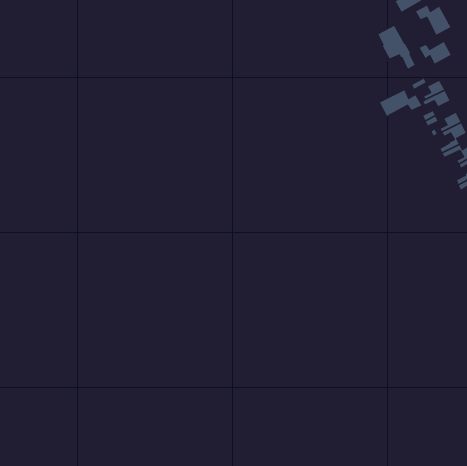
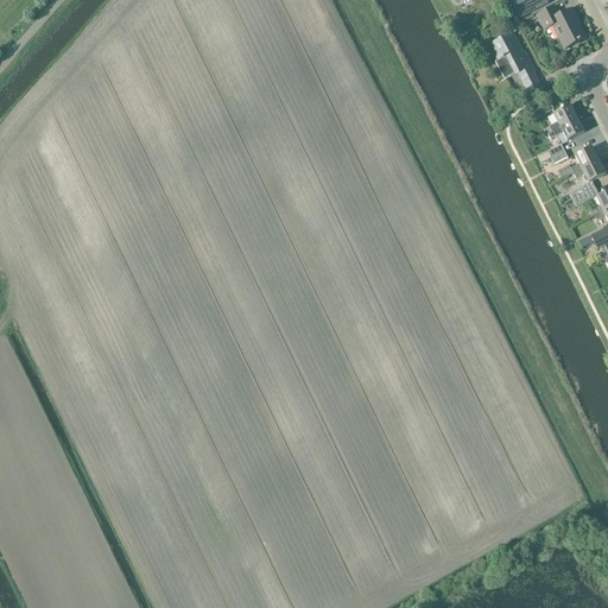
building: [418,41,452,65] -> none
building: [379,89,422,117] -> none

